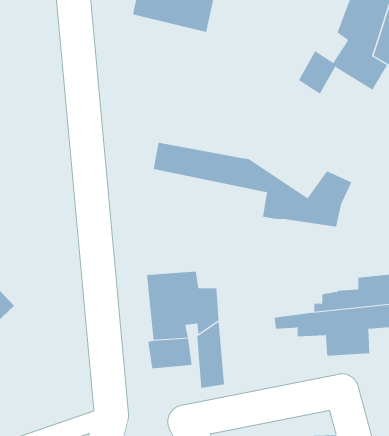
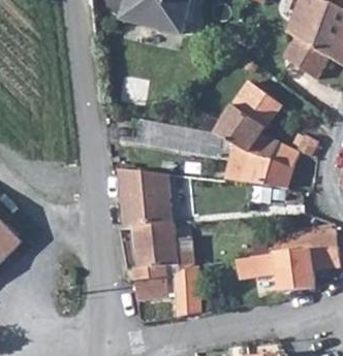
building: none -> [217,82,280,164]
building: none -> [122,169,173,227]

